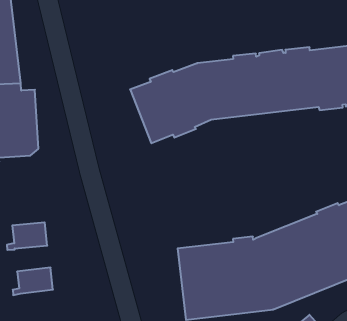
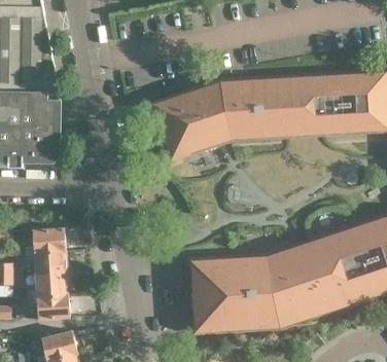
building: none -> [25,251,66,275]
building: none -> [28,294,68,319]

